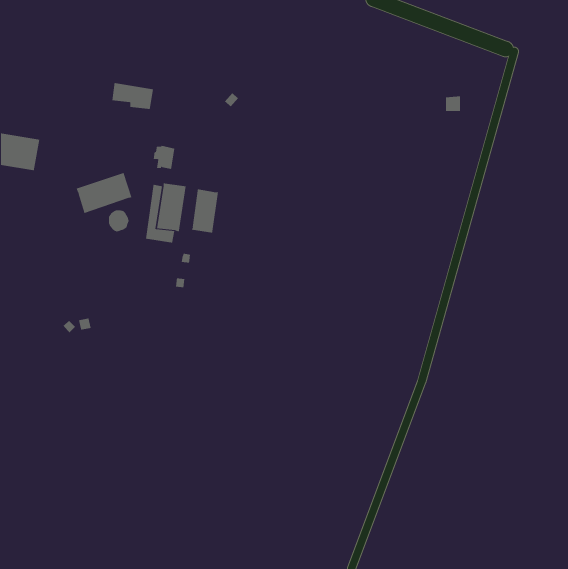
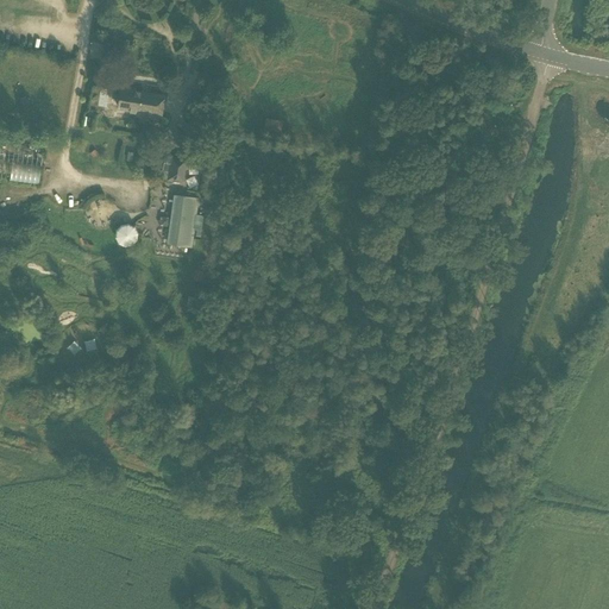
building: [76,172,132,214] -> none
building: [191,189,219,233] -> none

